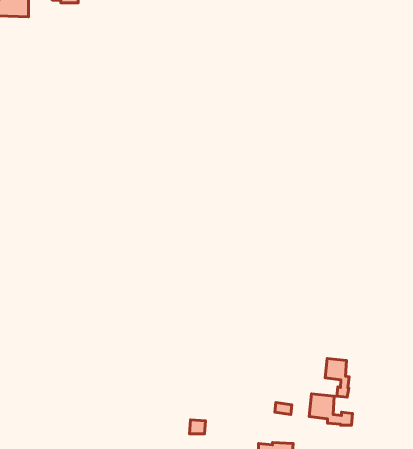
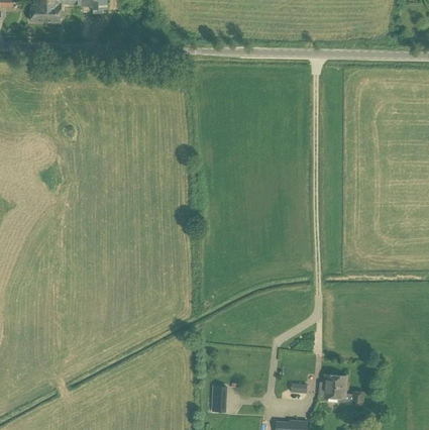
building: [325,359,349,397] -> none

